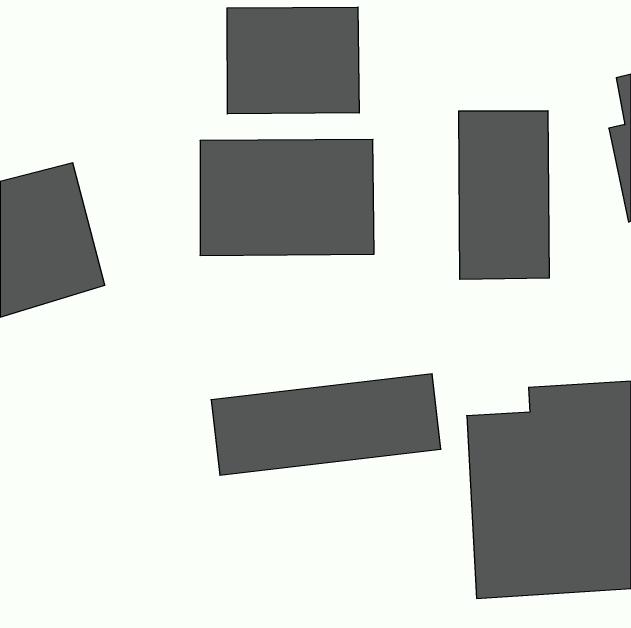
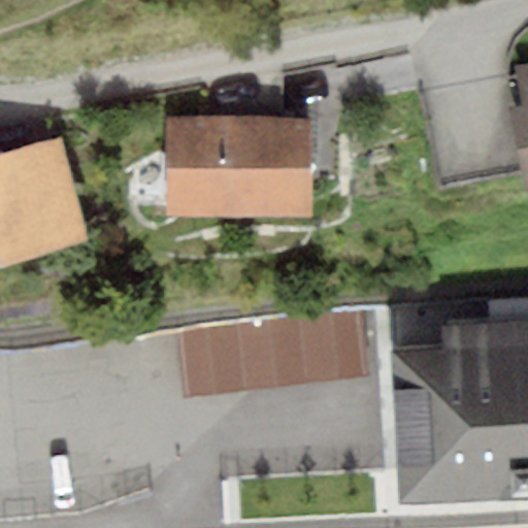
building: [227,7,359,114] -> none
building: [459,111,549,279] -> none

